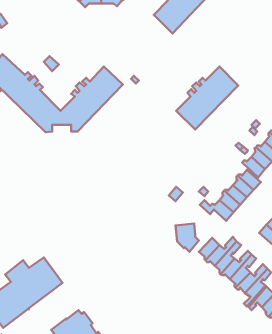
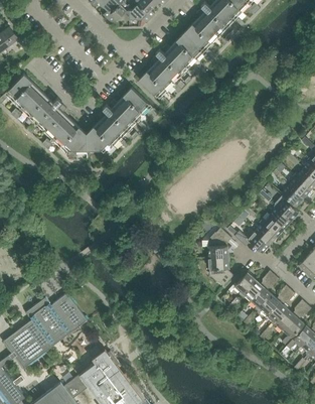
building: [176,67,238,130] -> [138,32,204,100]
building: none -> [201,227,231,258]

